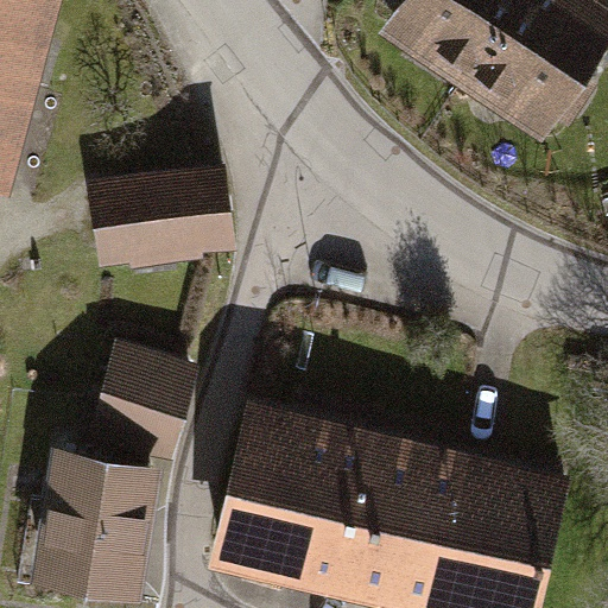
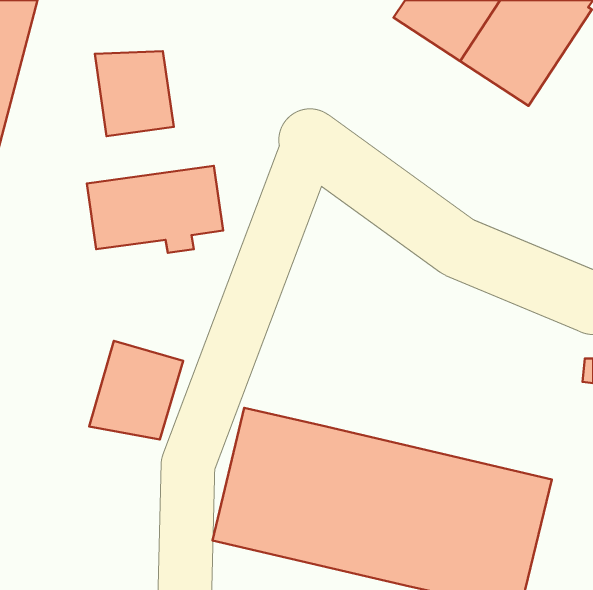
building: none -> [95,51,174,136]
building: [37,458,145,591] -> none

